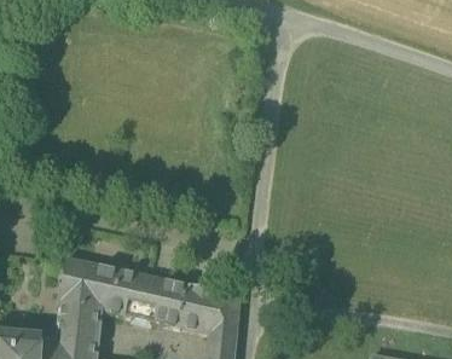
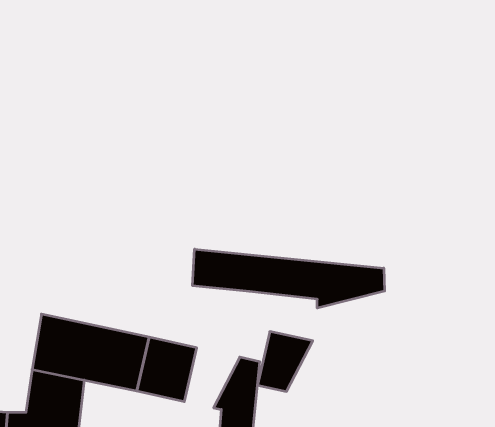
building: none -> [193,249,385,308]
building: [180,284,224,331] -> [257,332,313,391]

